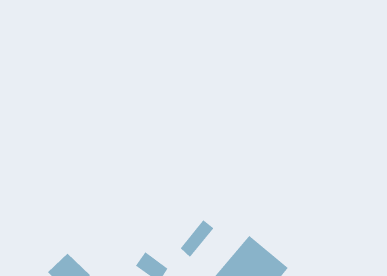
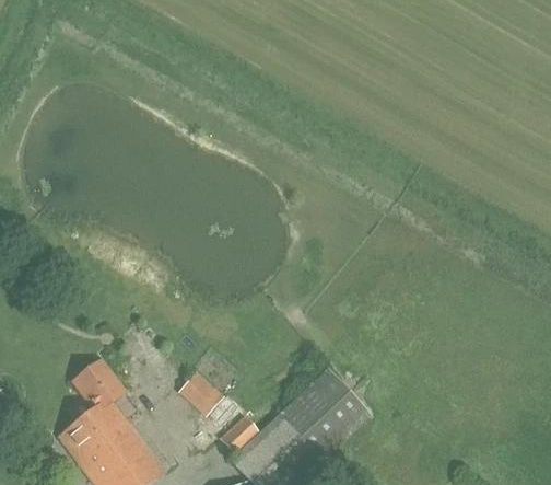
building: [180,219,214,258] -> none

